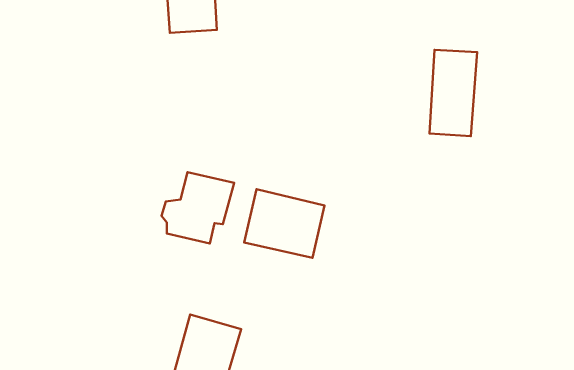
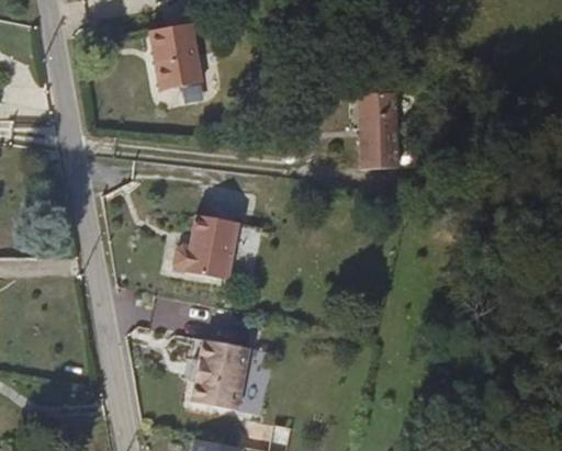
building: [430,50,477,136] -> [351,103,393,181]
building: [244,189,325,258] -> none

